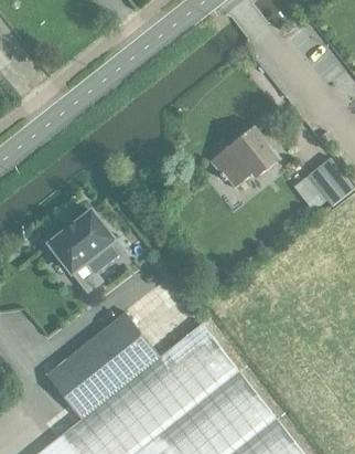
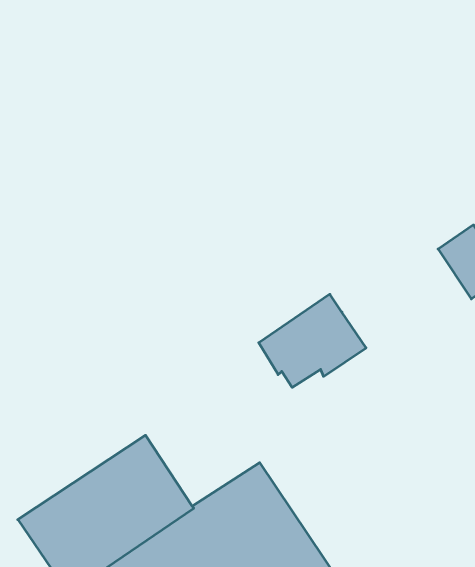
building: [211,126,281,189] -> [259,294,366,387]
building: [50,211,117,273] -> none

